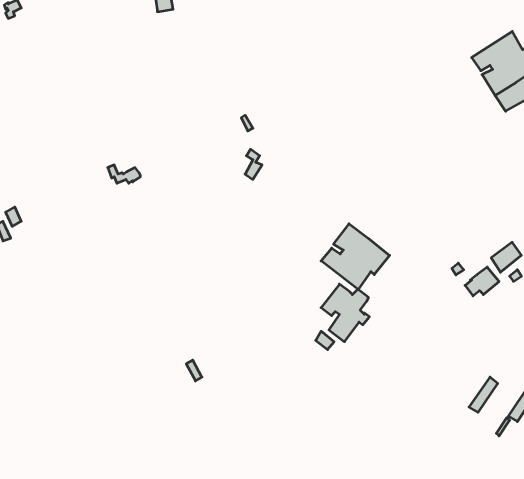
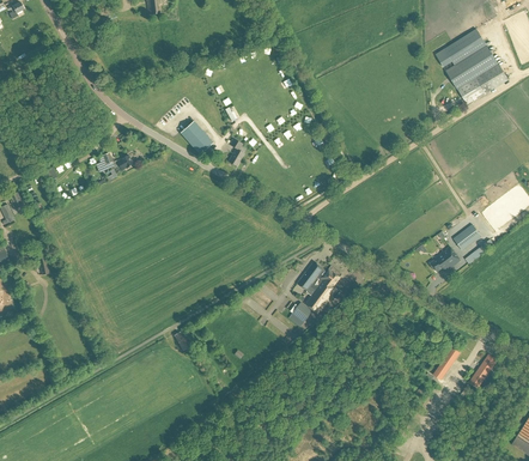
building: none -> [181,120,213,153]
building: [321,224,390,290] -> none

